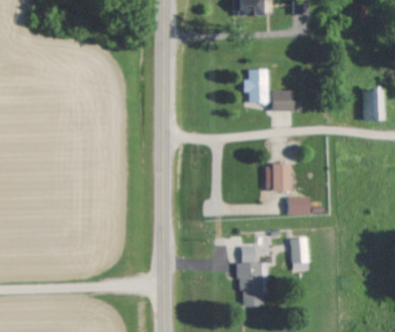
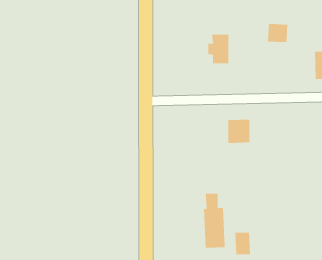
building: [272,90,295,111] -> [267,24,288,43]
building: [288,196,311,214] -> none
building: [290,238,308,263] -> [234,232,251,255]

